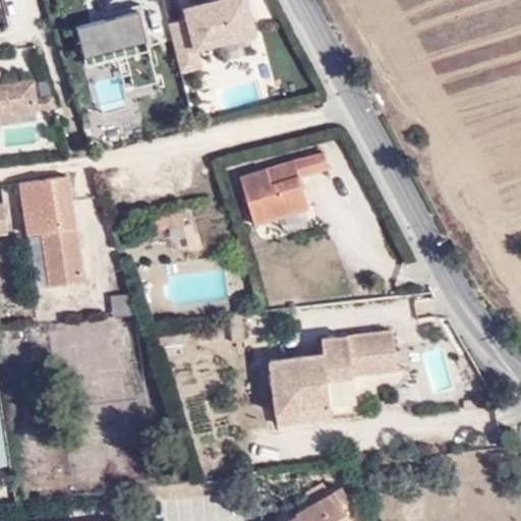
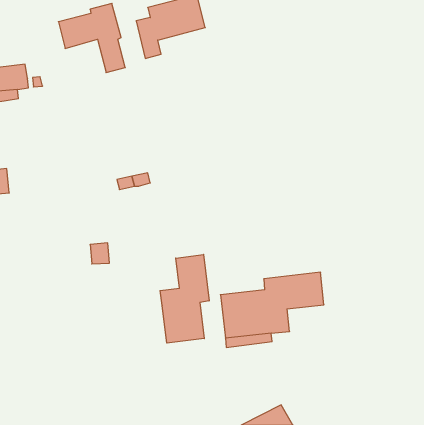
building: [238,152,327,226] -> none
building: [20,177,85,287] -> none
building: none -> [160,254,209,343]

